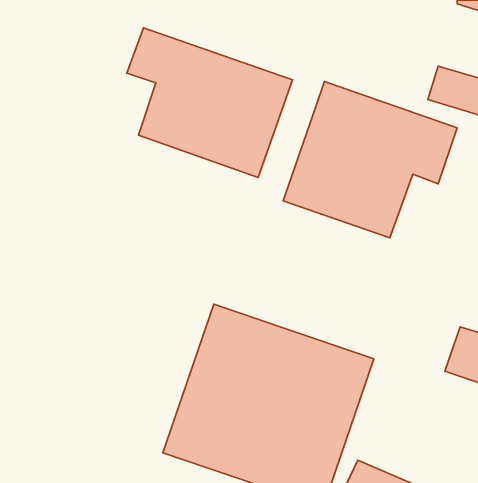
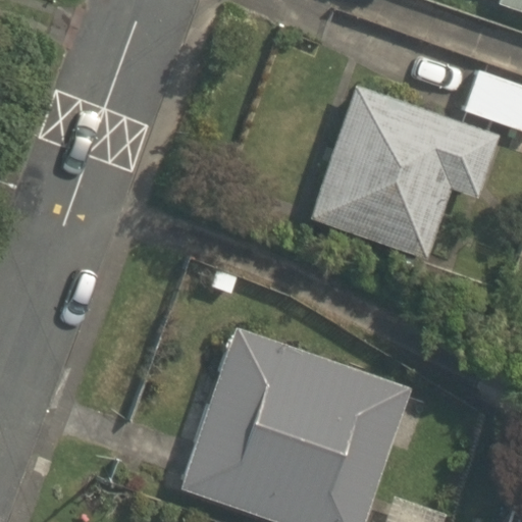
building: [127,28,292,177] -> none

